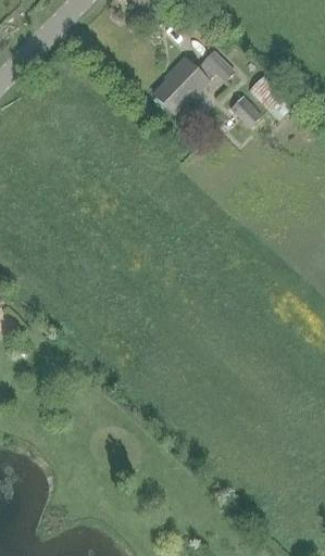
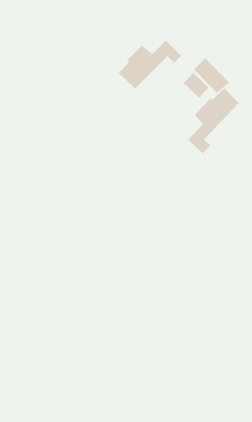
building: none -> [188,87,239,154]

